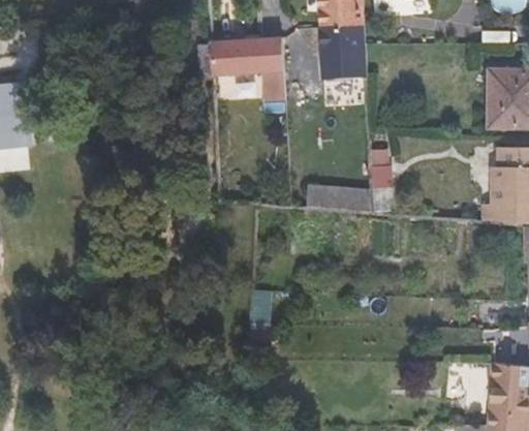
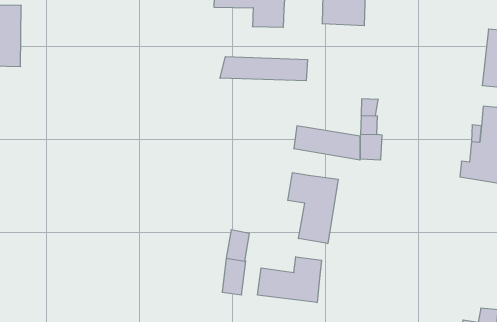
building: none -> [220,57,308,81]
building: none -> [288,173,338,244]
building: none -> [258,257,322,303]

